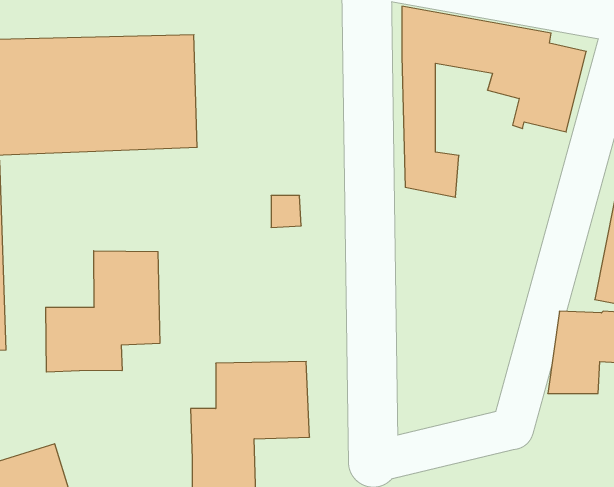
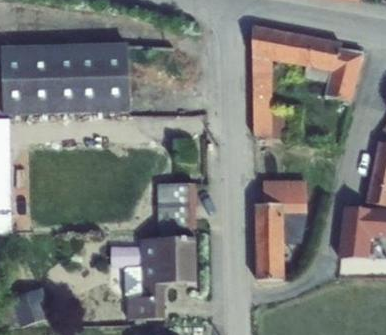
building: [46,251,160,372] -> none
building: none -> [158,182,196,226]
building: none -> [255,191,301,278]

